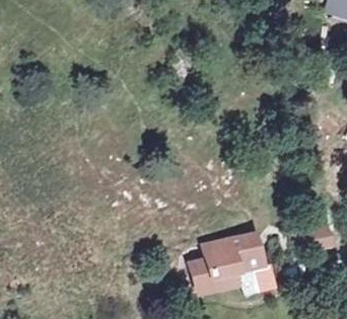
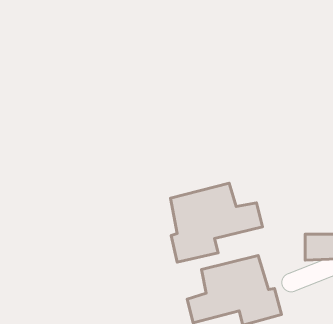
building: none -> [170,183,262,262]

